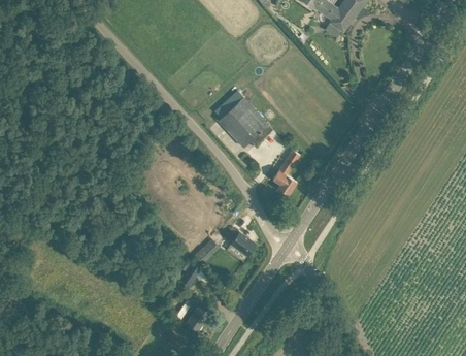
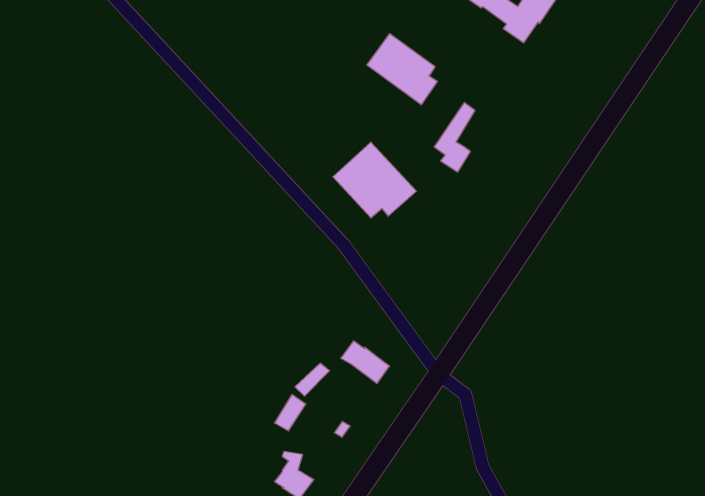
building: none -> [367,34,438,105]
building: [273,151,300,196] -> [434,103,475,172]

